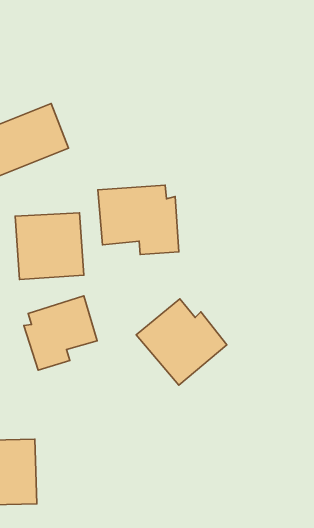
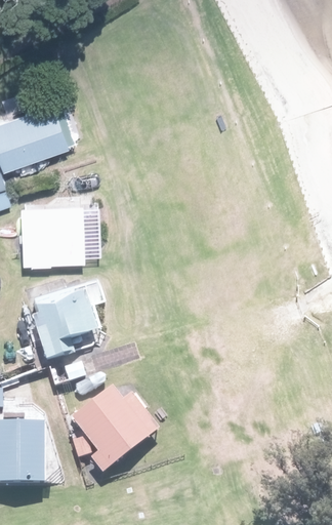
building: [98,185,179,255] -> none
building: [136,299,227,385] -> [70,382,155,463]

